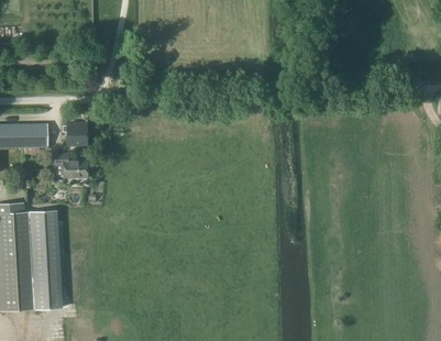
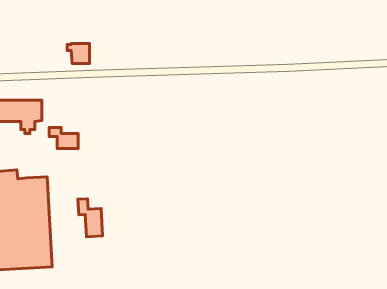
building: [63,122,87,144] -> [67,43,89,64]
building: none -> [78,199,103,237]

